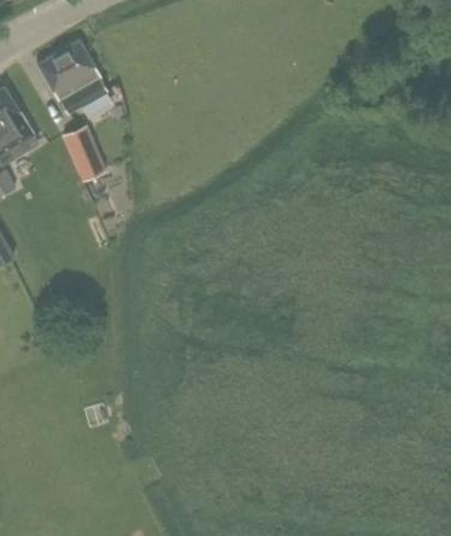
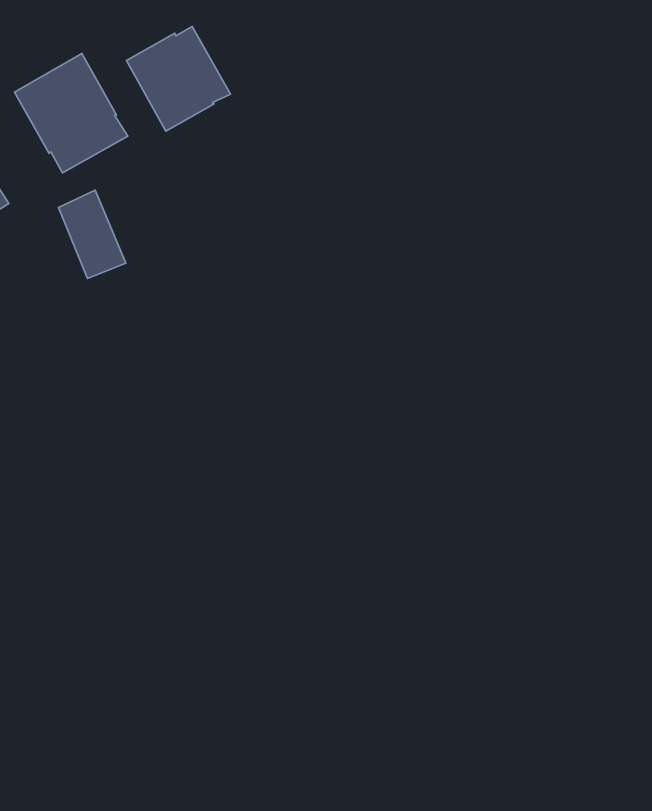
building: none -> [126,26,230,131]

